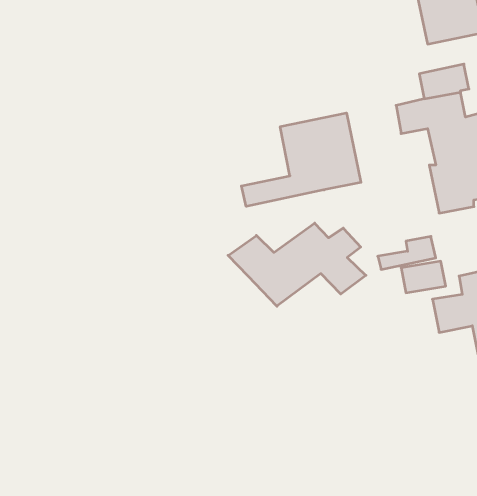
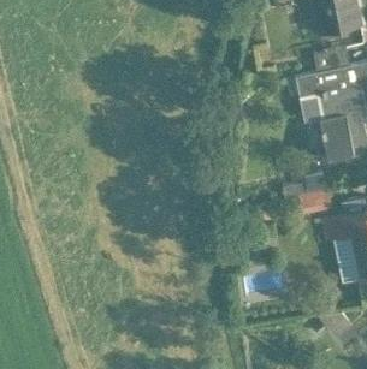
building: [241,113,361,206] -> none
building: [228,223,366,306] -> none

